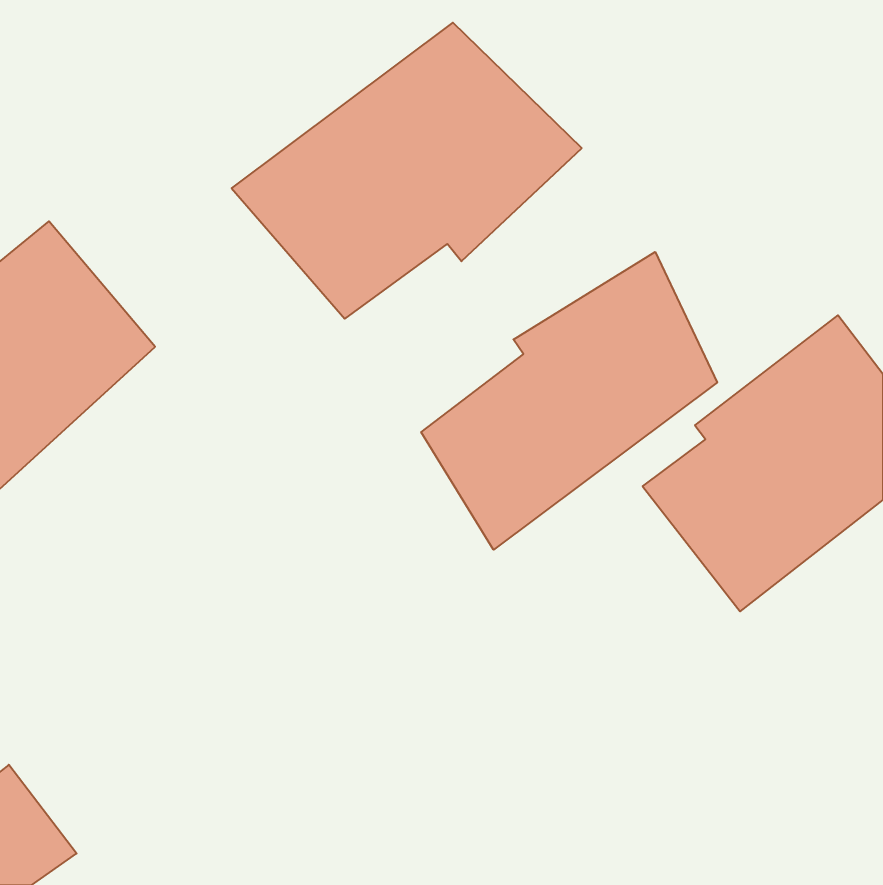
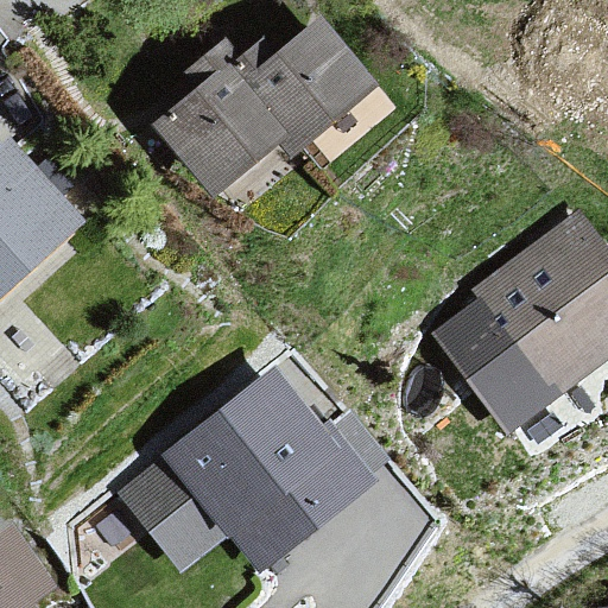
building: [421,252,717,550] -> none
building: none -> [122,369,357,560]

